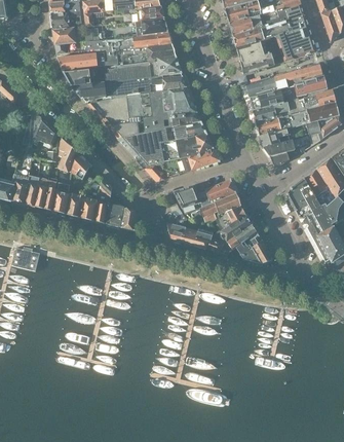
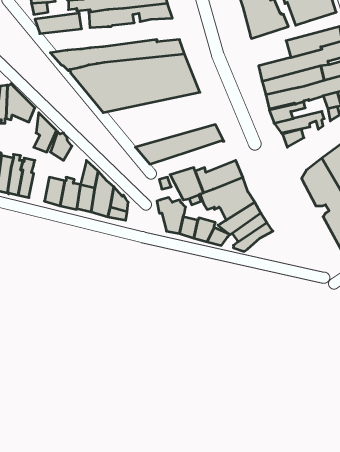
building: [104,57,181,82] -> none
building: [63,68,98,86] -> none
building: [245,76,277,98] -> none
building: [116,120,213,168] -> none
building: [52,183,70,214] -> none
building: [240,240,272,263] -> none

